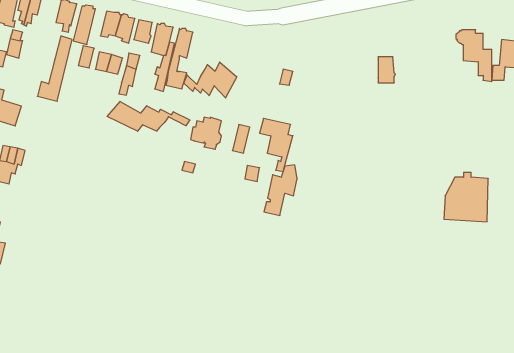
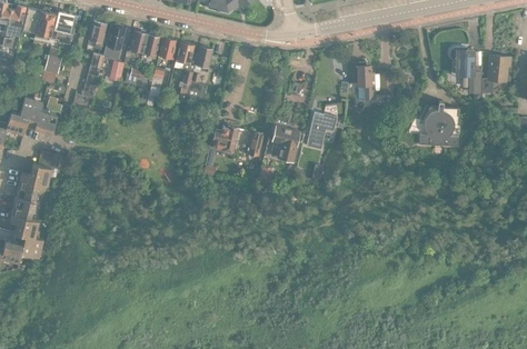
building: none -> [356,62,374,99]
building: [184,62,237,98] -> none
building: [107,101,190,131] -> none
building: [264,165,297,215] -> [306,103,336,149]
building: [444,172,488,222] -> [418,102,458,147]

